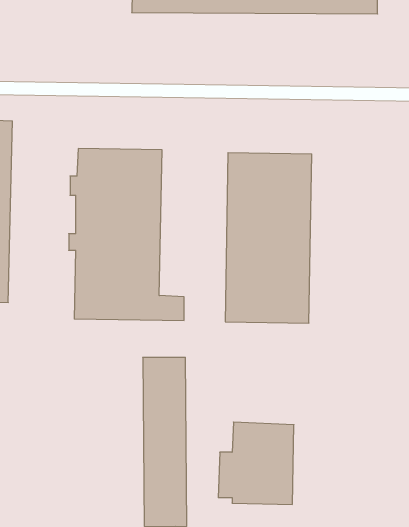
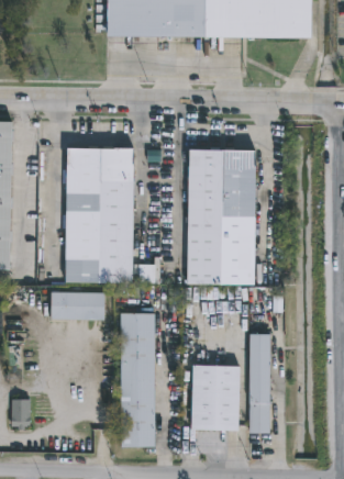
building: none -> [48,291,103,320]
building: none -> [248,334,270,433]
building: none -> [10,398,30,431]

